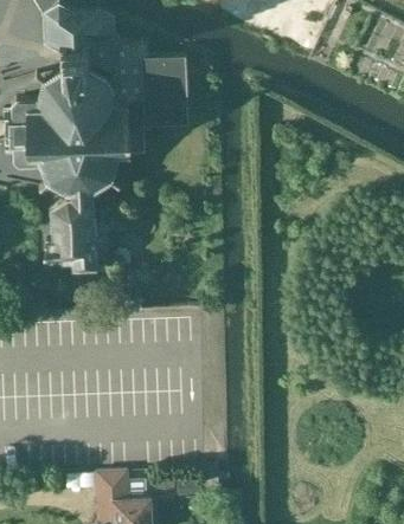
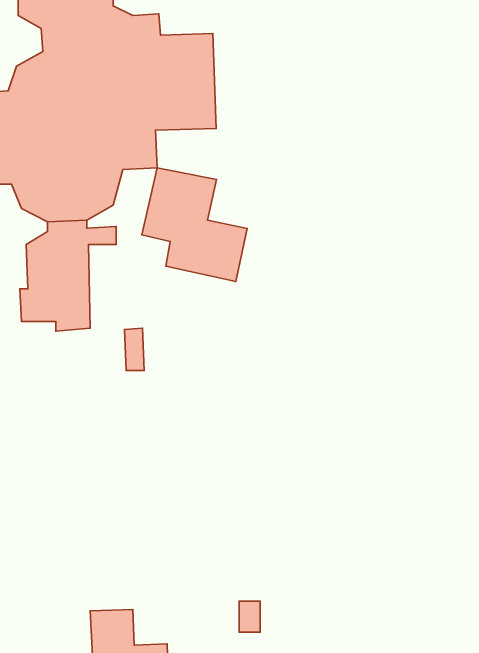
building: none -> [142,168,247,282]

